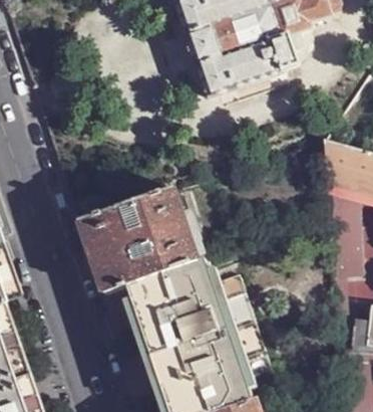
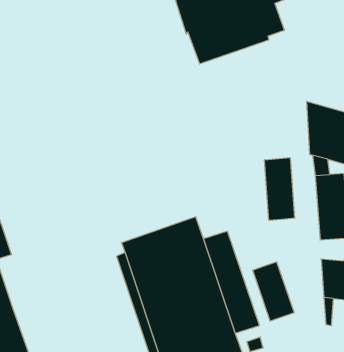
building: [81,190,202,294] -> none
building: none -> [264,158,295,220]
building: none -> [253,262,294,321]

